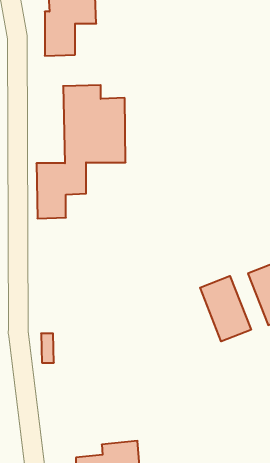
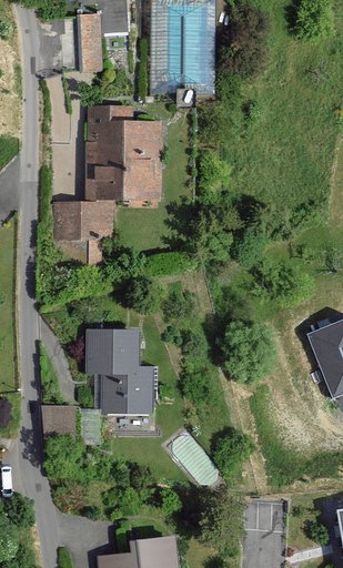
building: none -> [87,331,152,412]
building: [200,276,251,341] -> none

